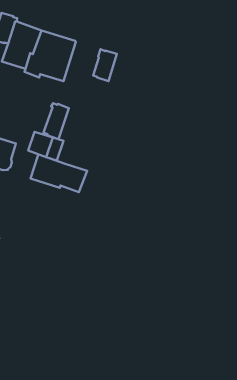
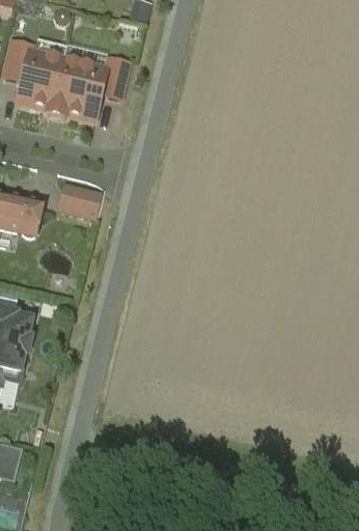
building: [93,49,117,81] -> [101,58,128,96]
building: [44,103,69,139] -> none
building: [31,154,87,192] -> none

